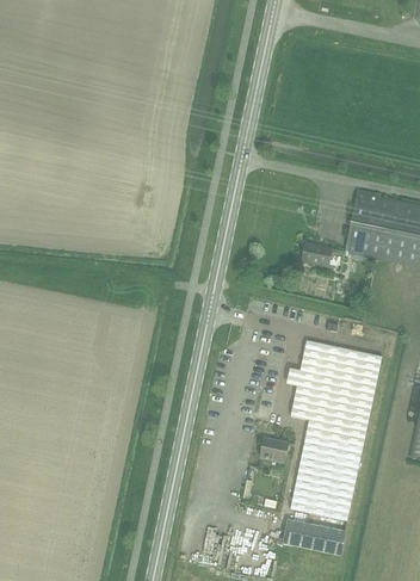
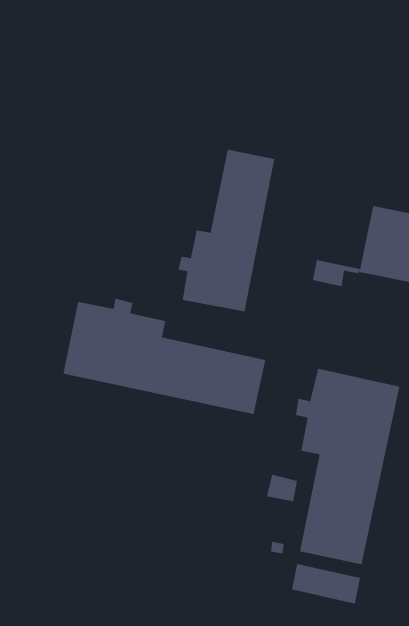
building: none -> [178,149,275,312]
building: none -> [63,298,266,415]

